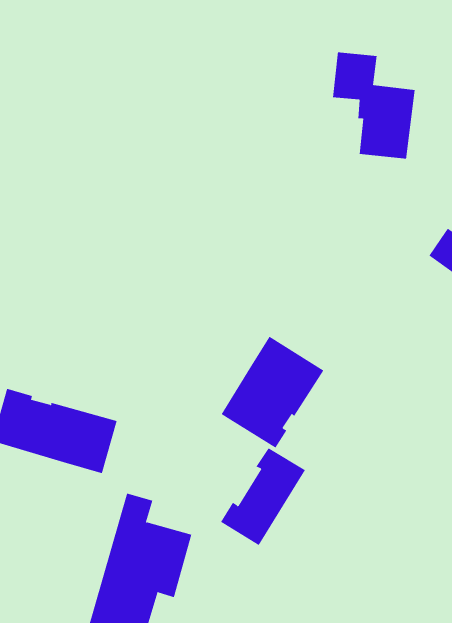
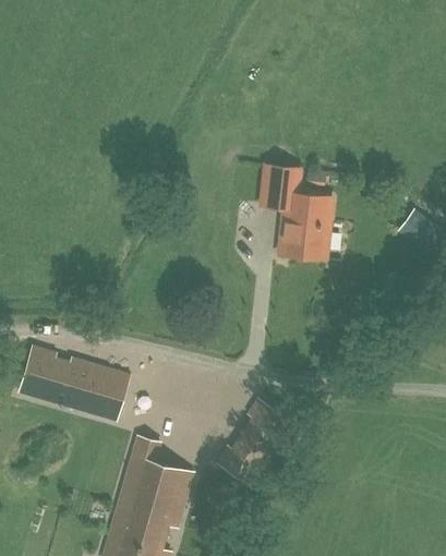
building: [332,52,416,159] -> [261,166,333,258]
building: [221,336,324,449] -> none

